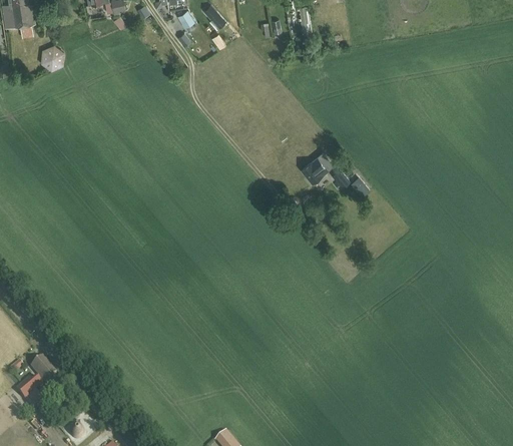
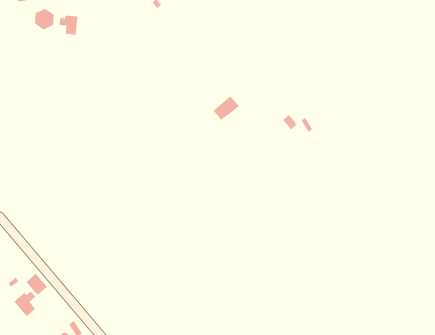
building: none -> [58,15,78,36]
building: [301,152,333,182] -> [212,95,240,121]

